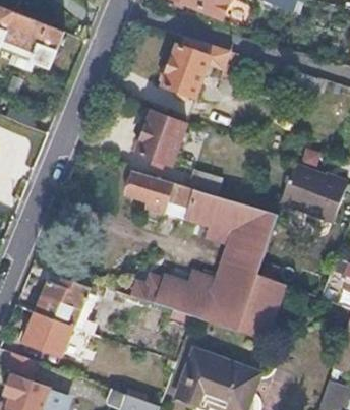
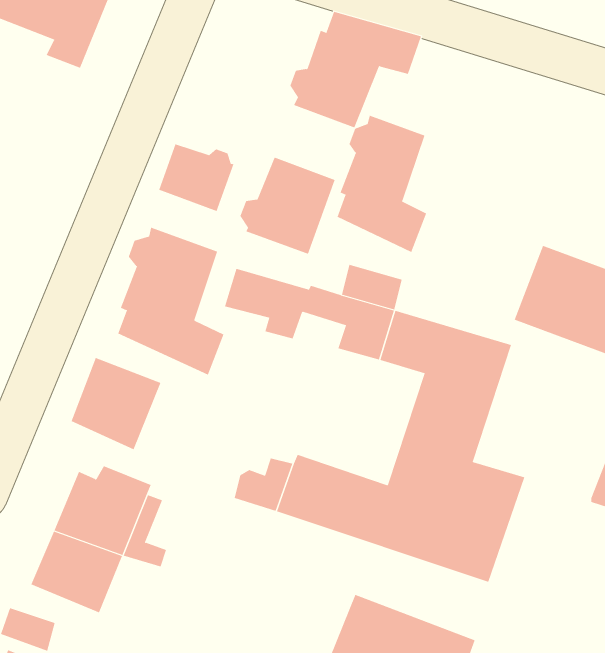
building: none -> [337,115,427,253]
building: none -> [159,143,234,212]
building: none -> [118,227,224,376]
building: none -> [71,357,161,450]

